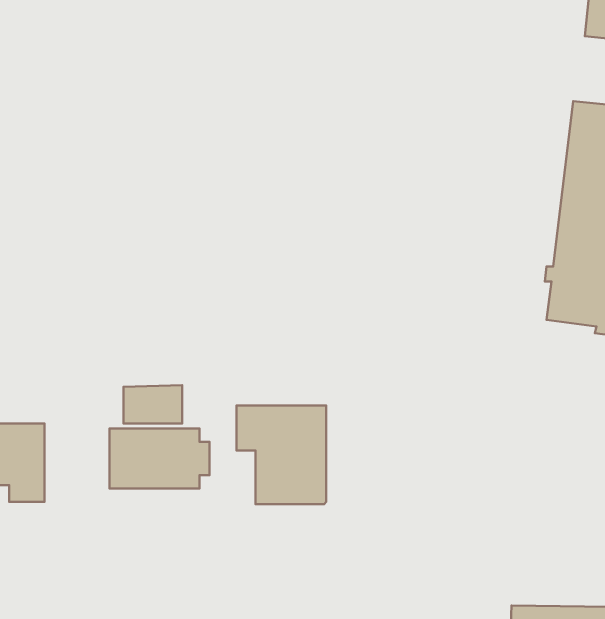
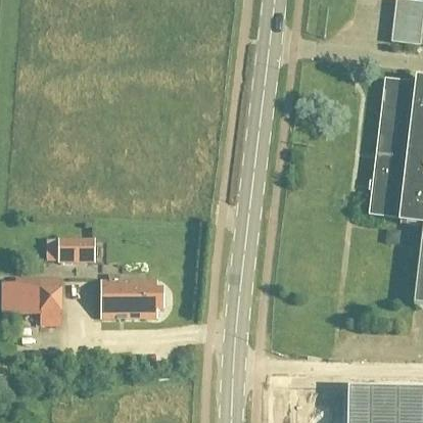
building: [124,385,182,424] -> [58,237,94,261]
building: [237,406,326,504] -> none

